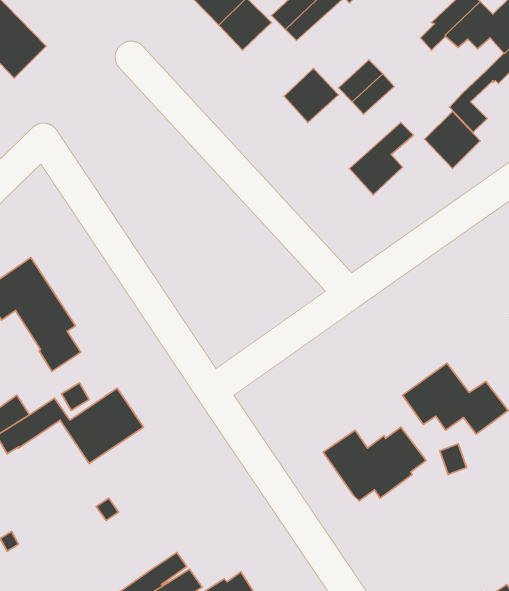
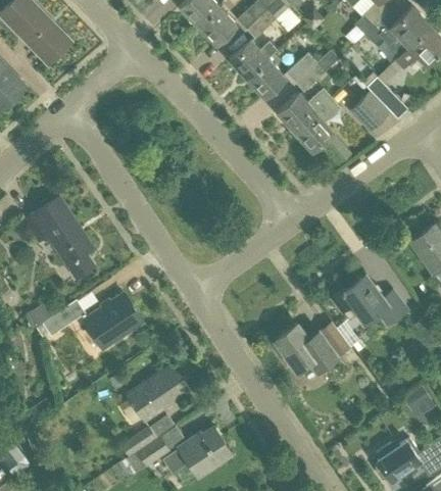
building: none -> [229,40,278,79]
building: none -> [277,88,332,132]
building: none -> [128,364,190,420]

